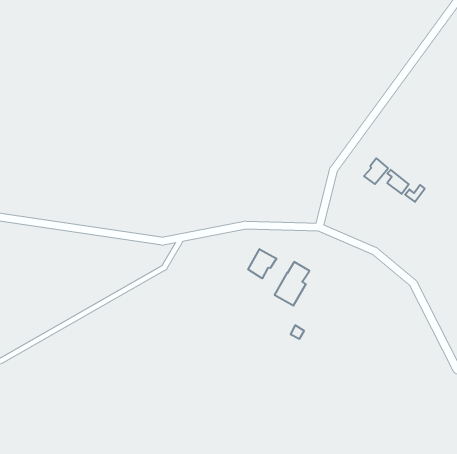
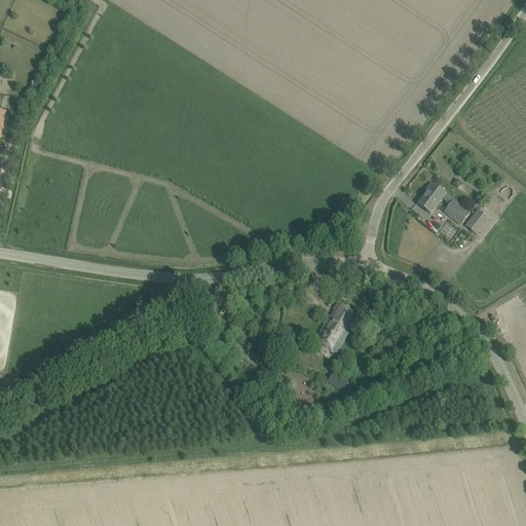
building: [248,249,276,278] -> none

